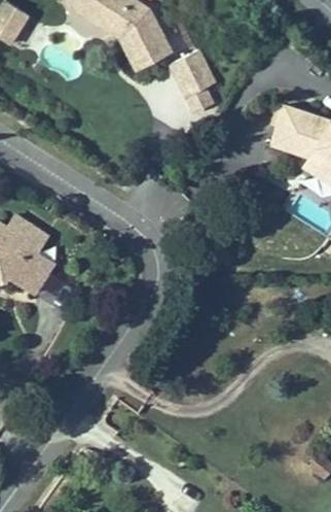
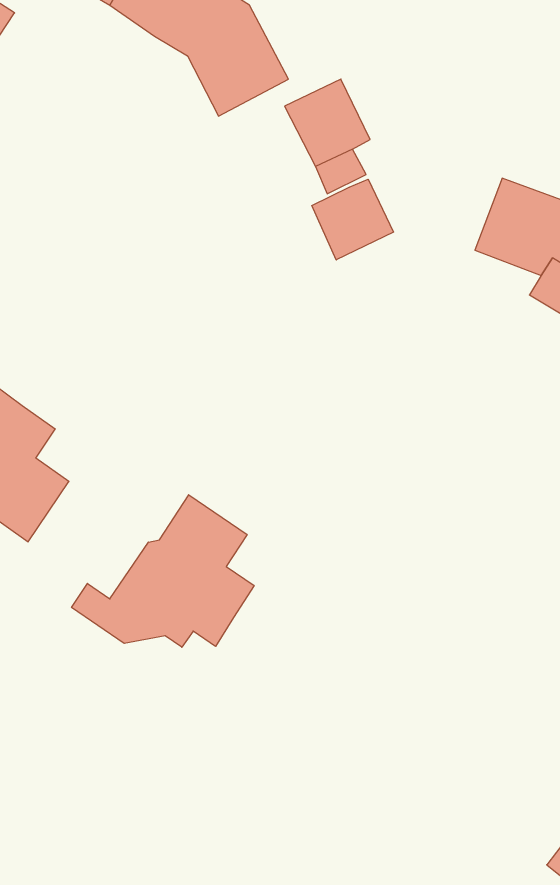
building: none -> [312,179,394,260]
building: none -> [72,495,254,647]

